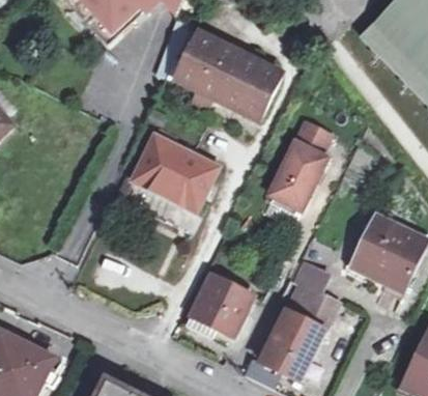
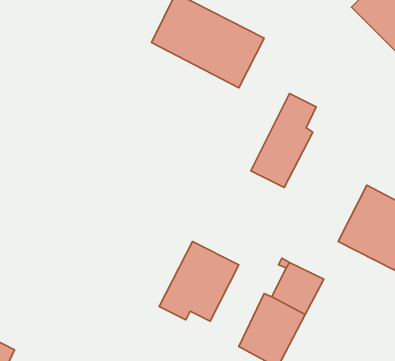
building: [129,135,216,215] -> none

